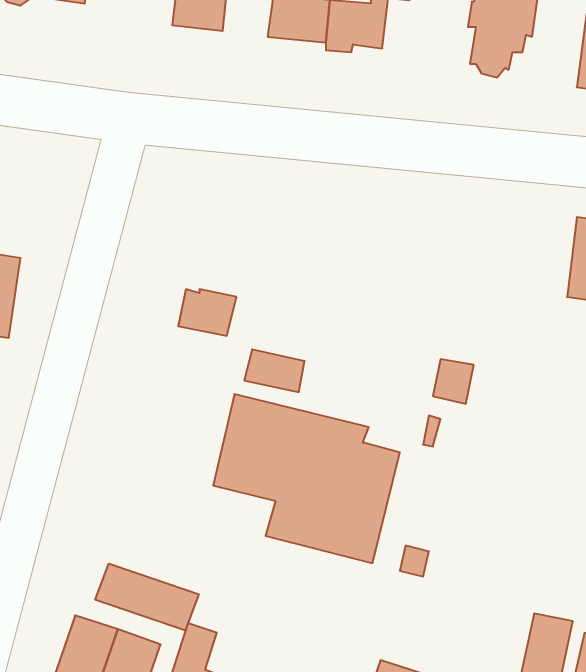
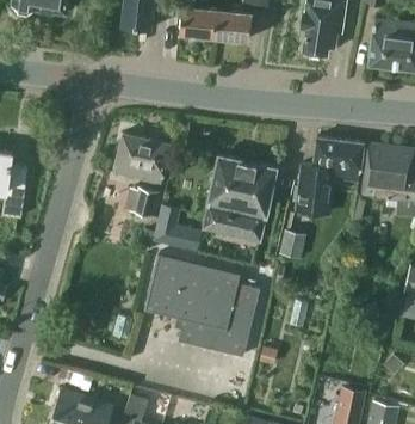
building: none -> [113,133,171,184]
building: none -> [298,136,364,210]
building: none -> [204,154,277,240]
building: [95,564,199,630] -> none

